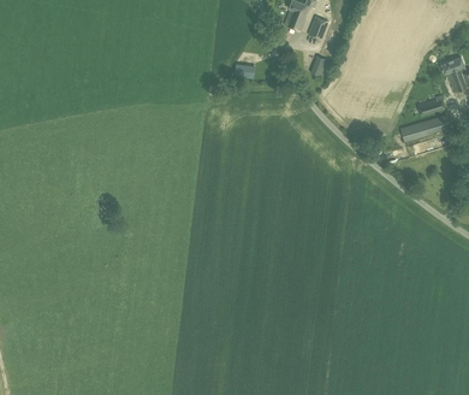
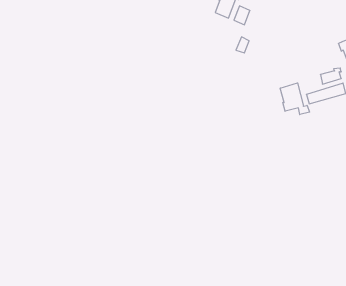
building: none -> [280,83,310,115]

